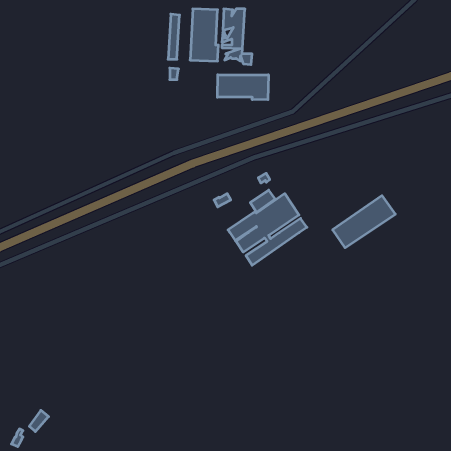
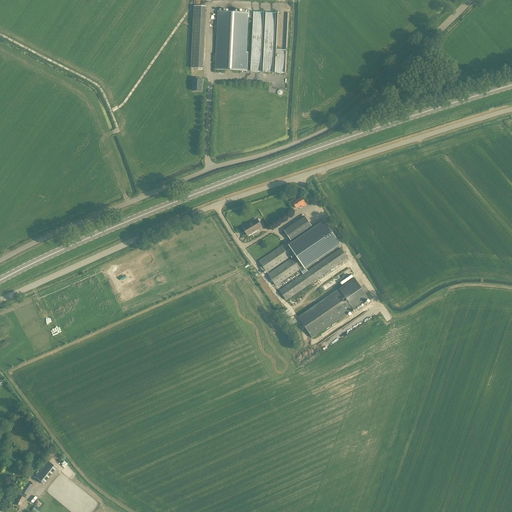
building: [217,75,268,100] -> none
building: [333,196,395,248] -> [297,278,368,337]

